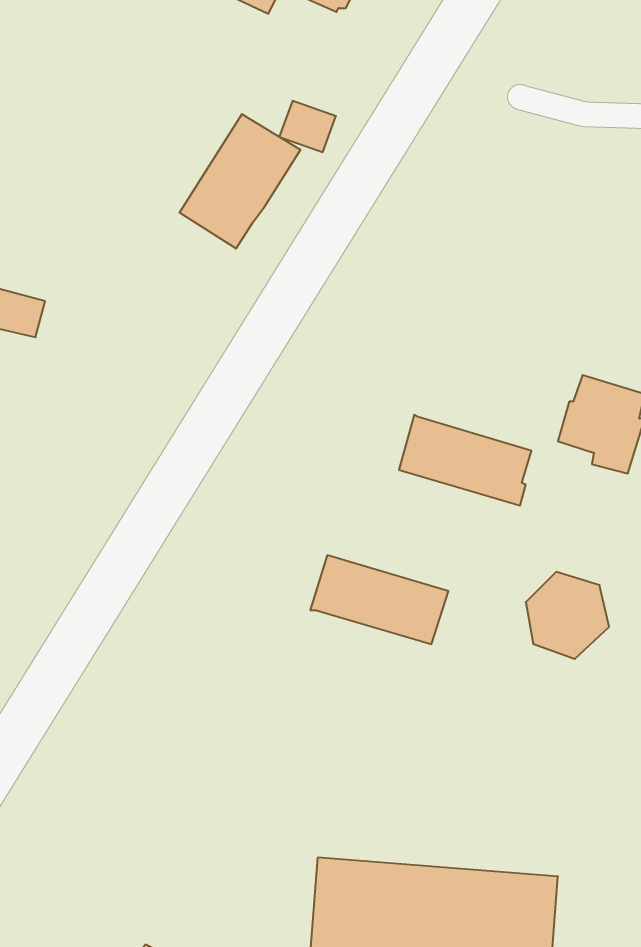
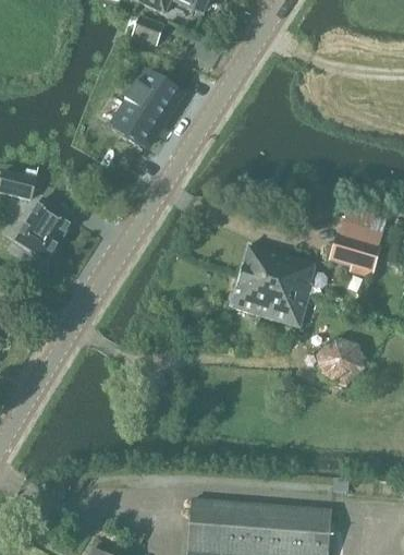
building: [279,101,336,152] -> [132,15,164,45]
building: none -> [15,200,73,261]
building: [310,555,448,644] -> [229,276,308,327]

